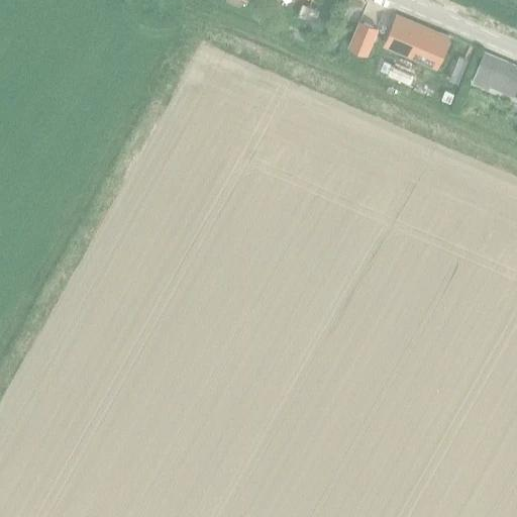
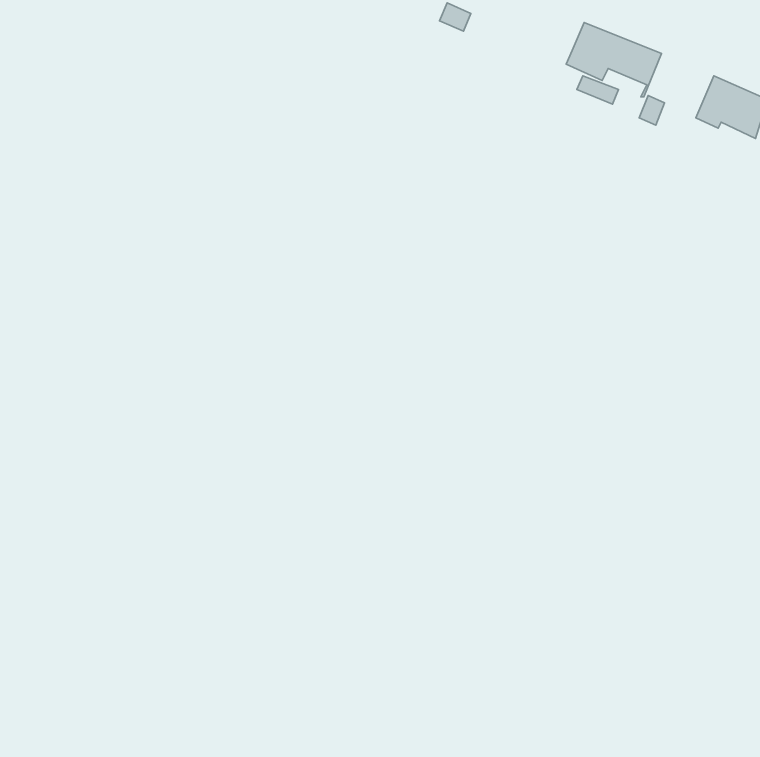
building: [350,23,378,56] -> none

